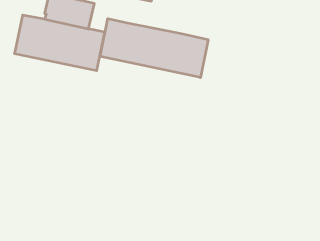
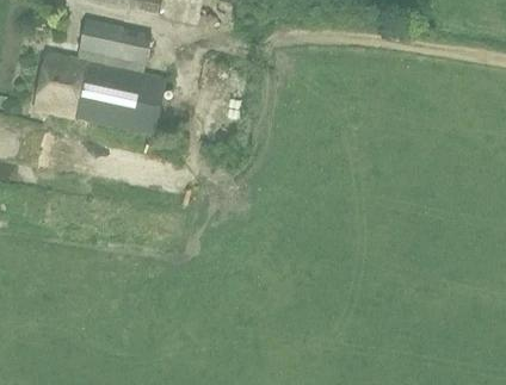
building: [100,19,208,78] -> none

